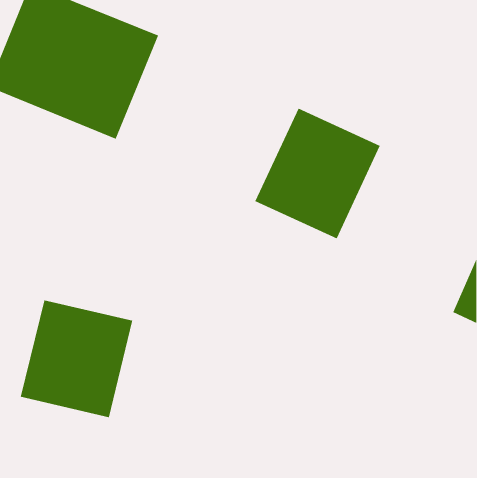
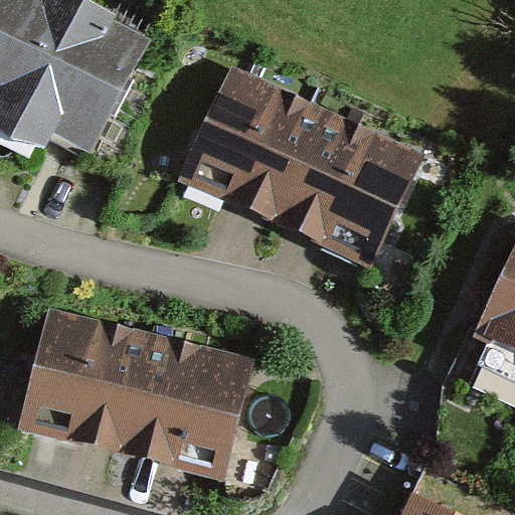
building: none -> [180,73,315,213]
building: none -> [116,339,235,466]

